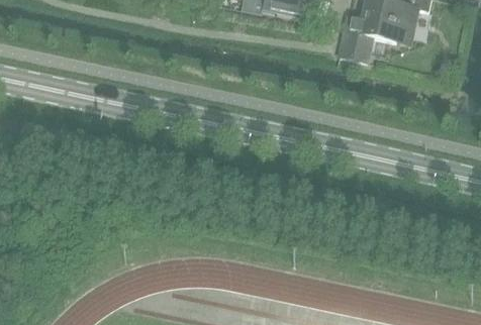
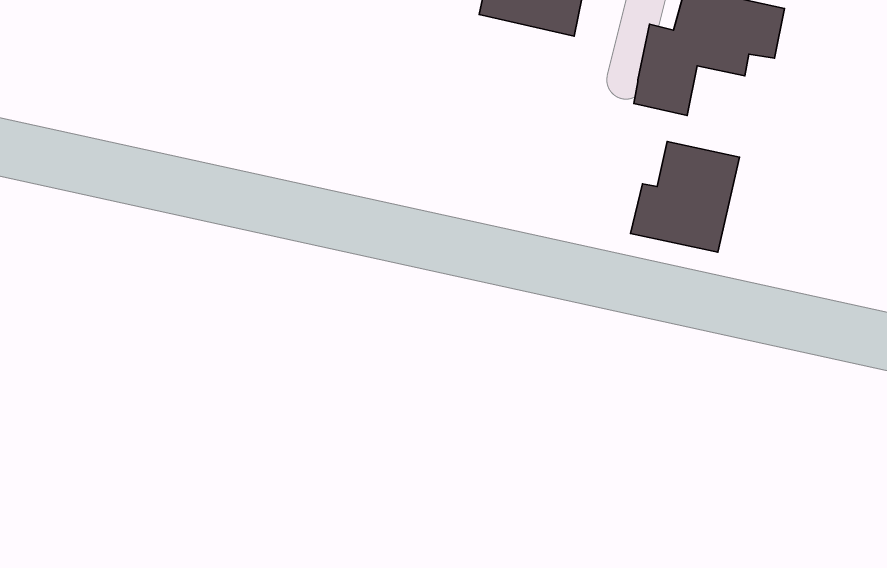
building: none -> [631,141,740,252]

